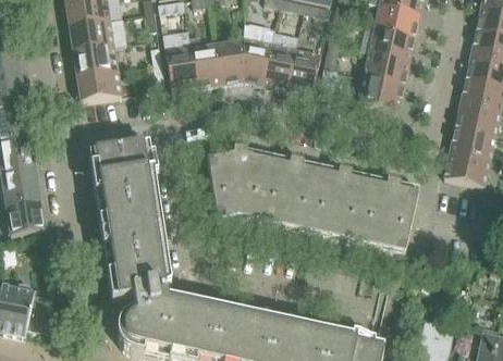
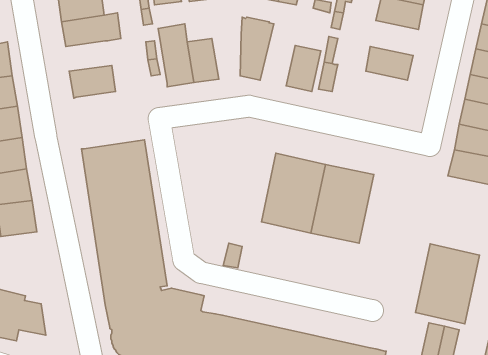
building: [368,23,415,57] -> none
building: [261,28,298,86] -> none
building: [214,36,243,79] -> none
building: [73,42,118,72] -> none
building: [357,72,404,107] -> none
building: [206,145,277,217] -> none
building: [357,172,419,249] -> [416,244,480,324]

